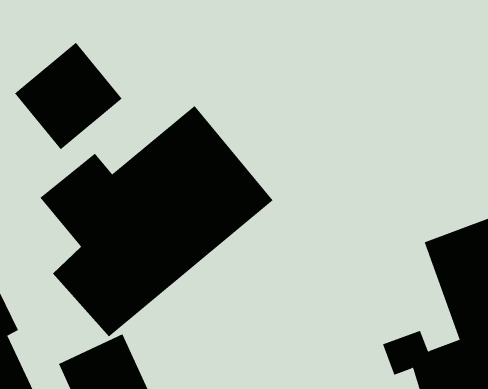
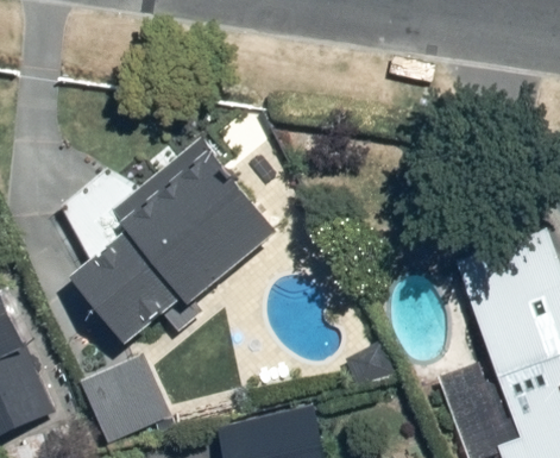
building: [14,42,122,150] -> none

